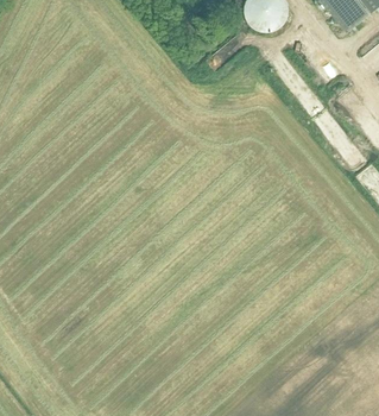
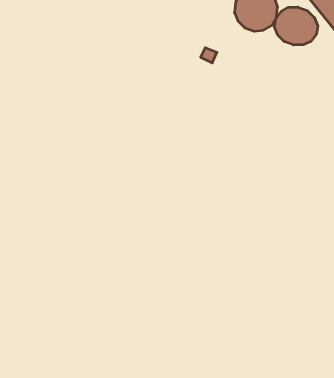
building: none -> [274,7,318,45]

